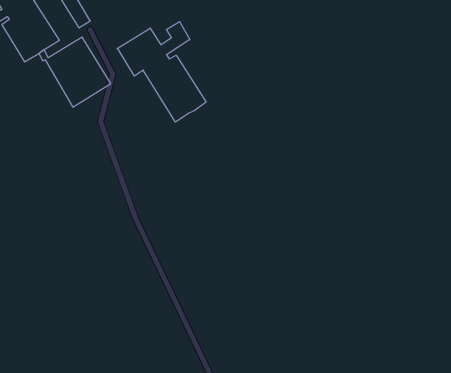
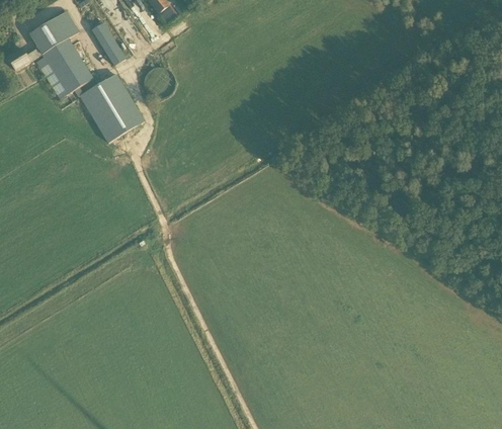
building: [117,22,206,122] -> none

